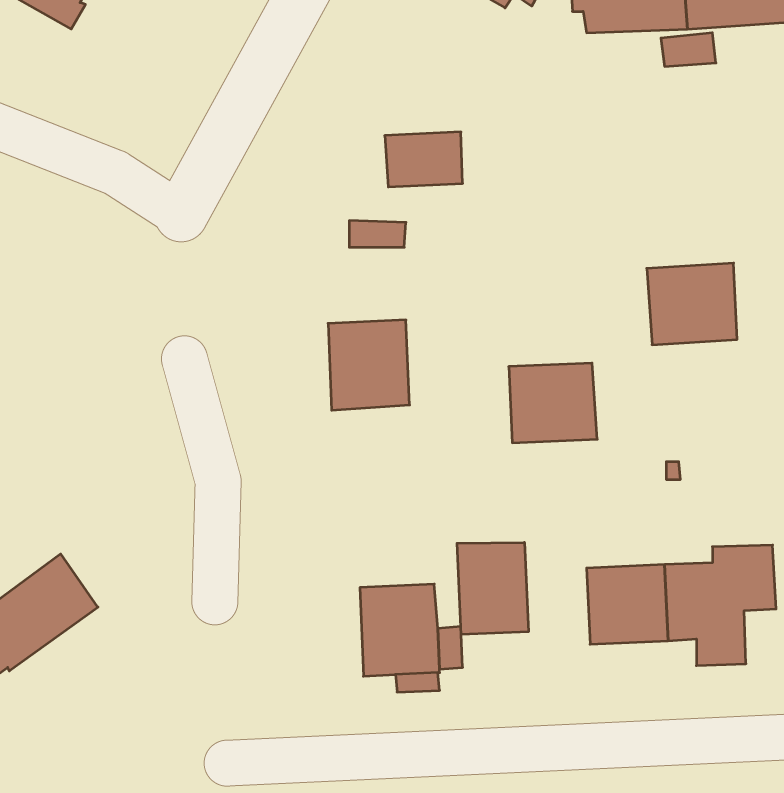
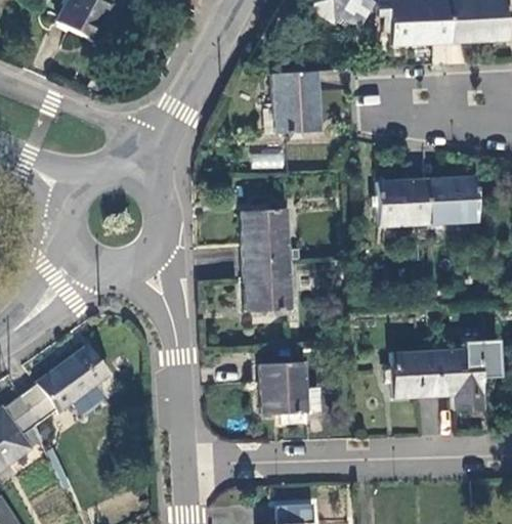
building: none -> [272,72,318,103]
building: [509,363,597,443] -> [378,180,429,226]
building: none -> [244,259,292,311]
building: [457,542,528,634] -> none

